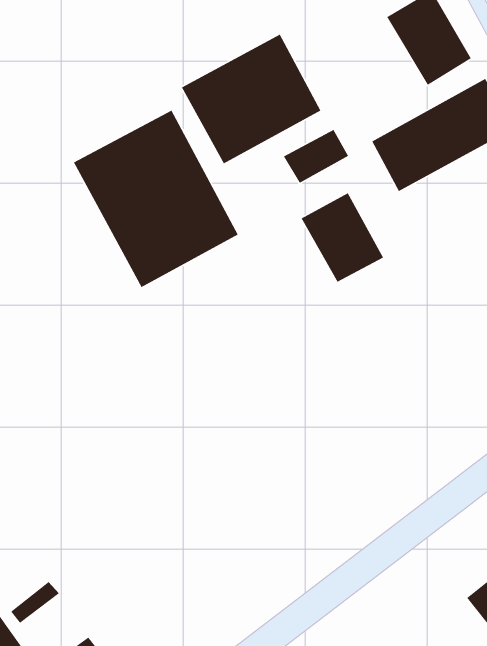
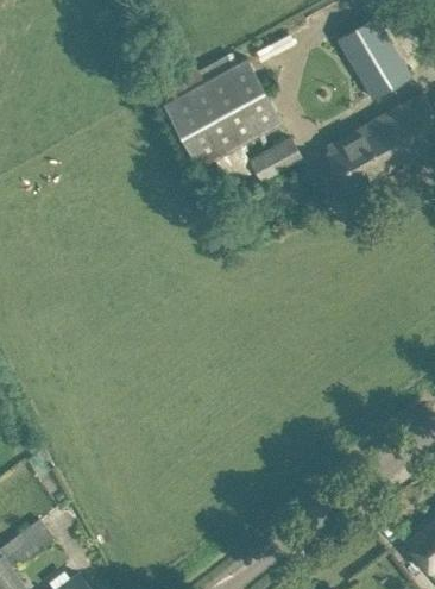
building: [73,110,239,288] -> none
building: [300,192,384,283] -> none

